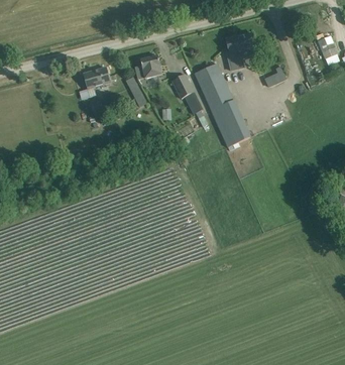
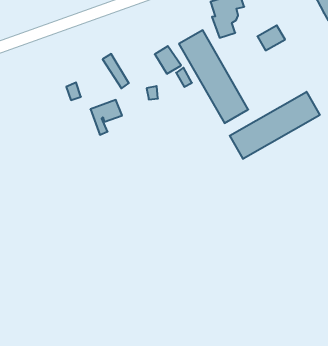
building: [134,54,161,80] -> none
building: [83,68,110,97] -> [90,100,122,135]
building: none -> [230,92,320,159]

